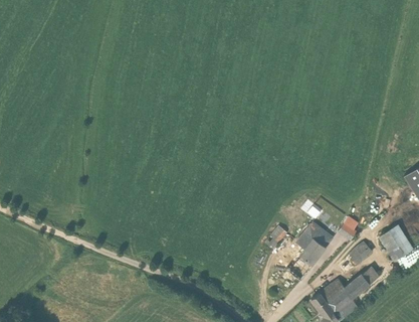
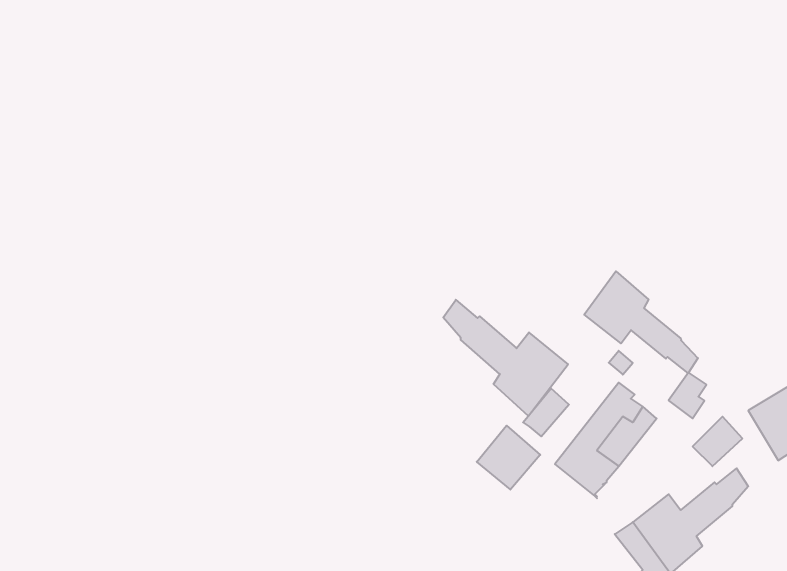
building: none -> [584,271,698,373]
building: none -> [443,300,568,416]
building: none -> [477,426,540,490]

